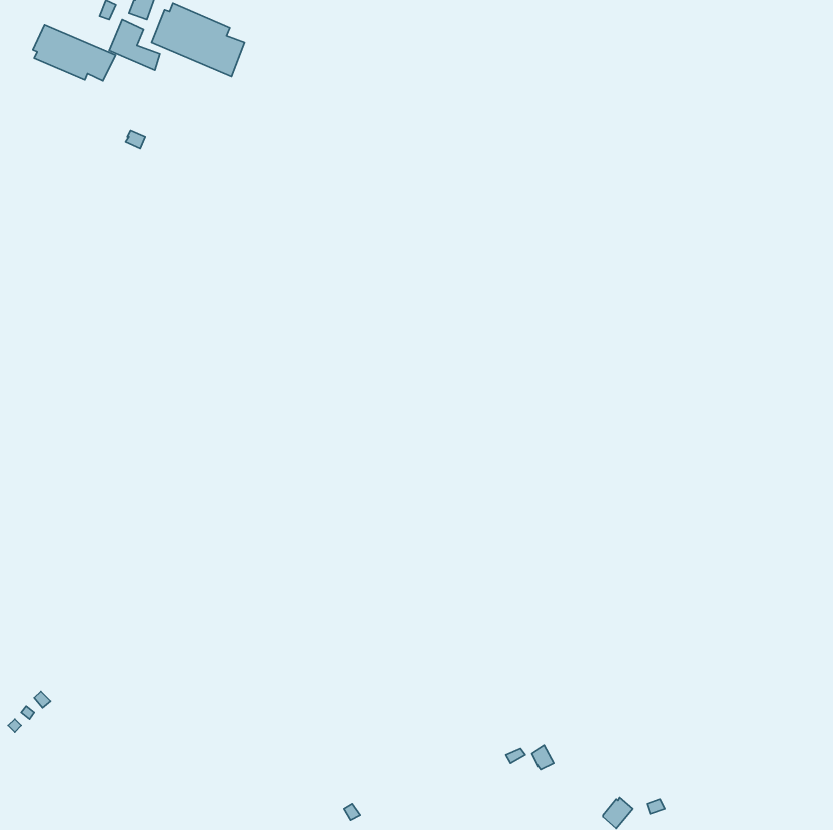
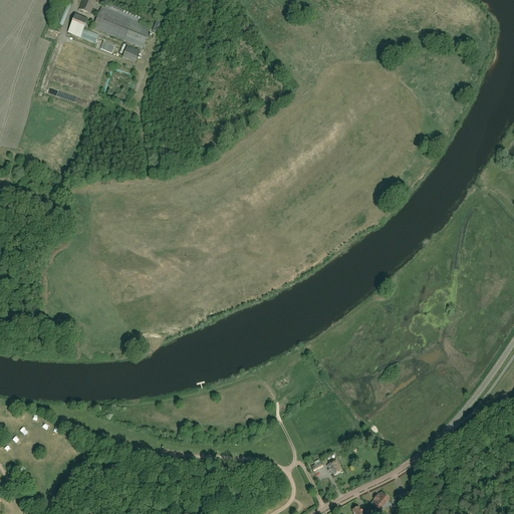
building: [33,25,115,81] -> none

